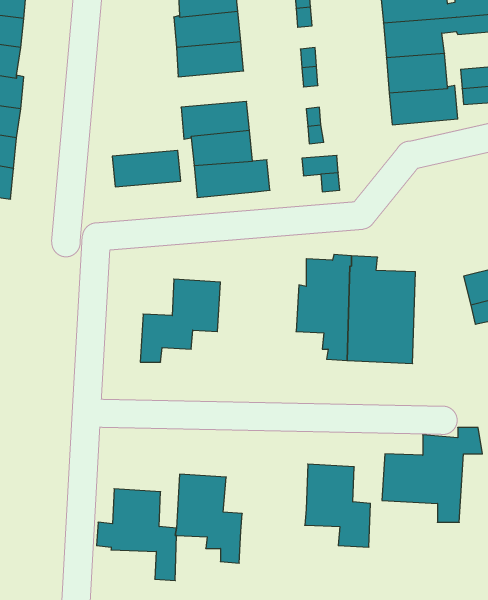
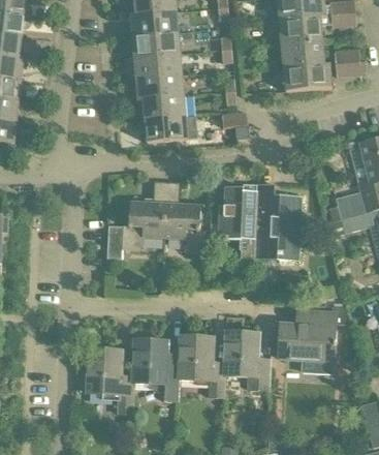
building: [112,150,181,187] -> [133,52,182,78]
building: none -> [161,202,206,252]
building: none -> [178,335,224,397]

